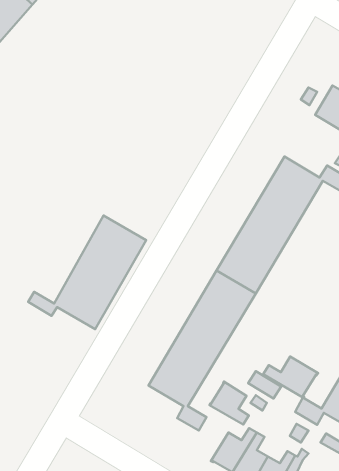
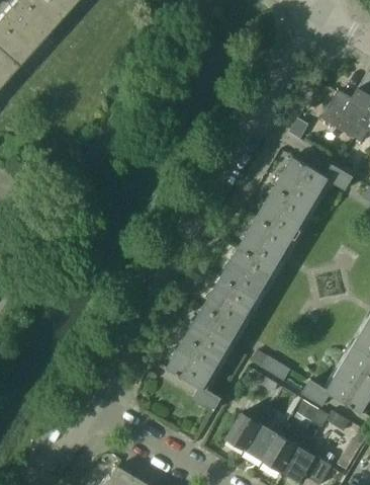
building: [28,215,146,329] -> none
building: [263,357,318,398] -> none
building: [209,381,249,425] -> none

